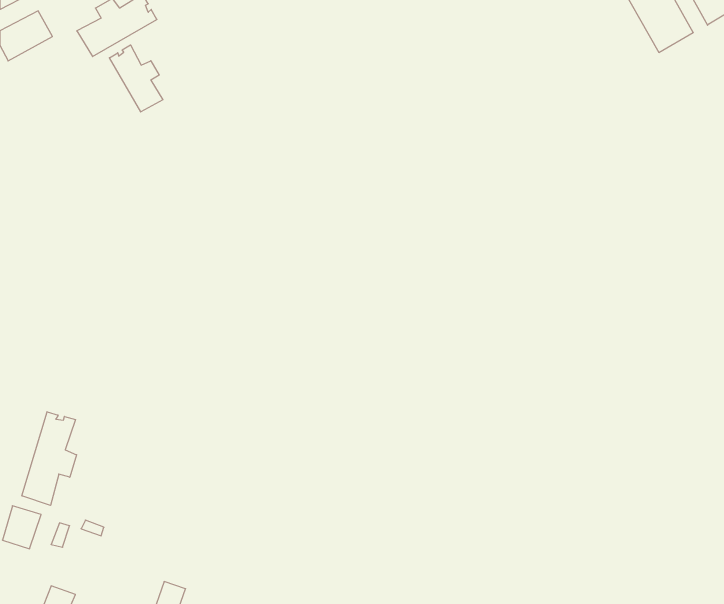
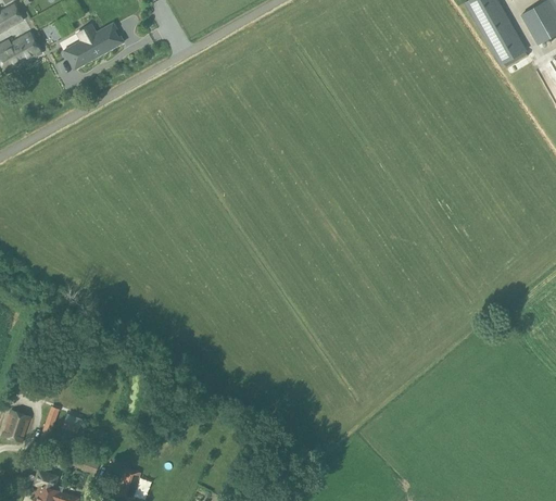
building: [109,45,163,112] -> none
building: [22,412,77,505] -> none

